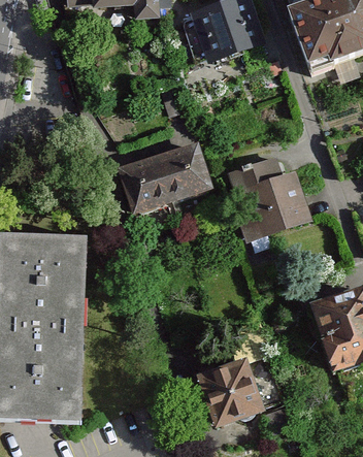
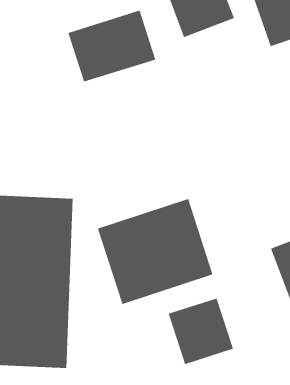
building: [116,135,213,216] -> [68,10,156,82]
building: [225,151,311,242] -> none
building: none -> [97,198,213,305]

